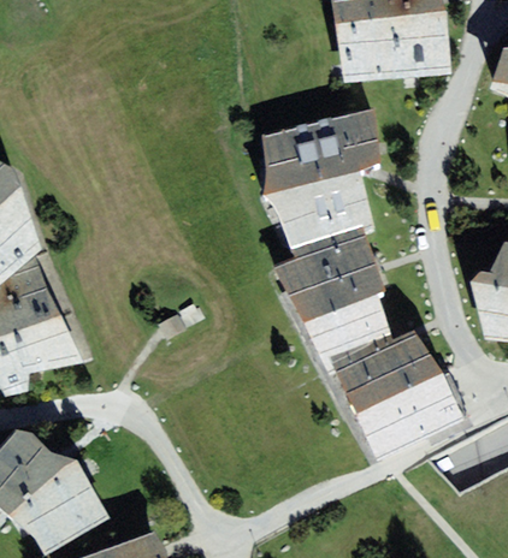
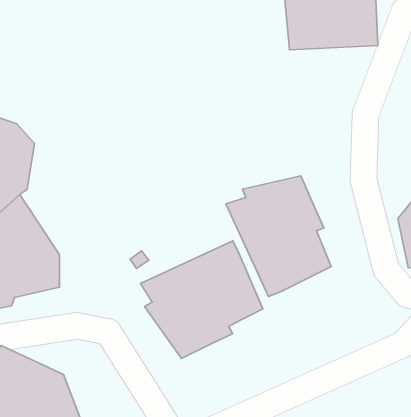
building: [264,112,382,248] -> none
building: none -> [141,241,263,359]
building: [335,326,460,456] -> none

